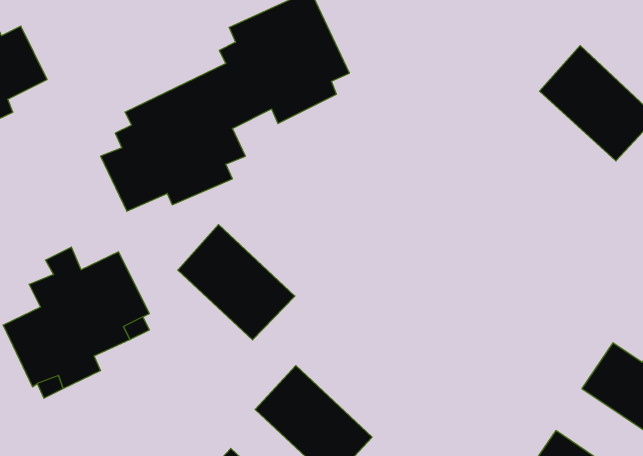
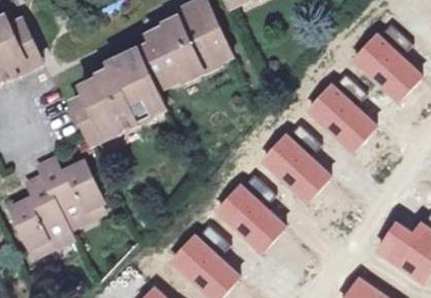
building: none -> [305,82,379,154]
building: none -> [260,133,333,205]
building: [178,225,295,340] -> [214,183,287,255]

